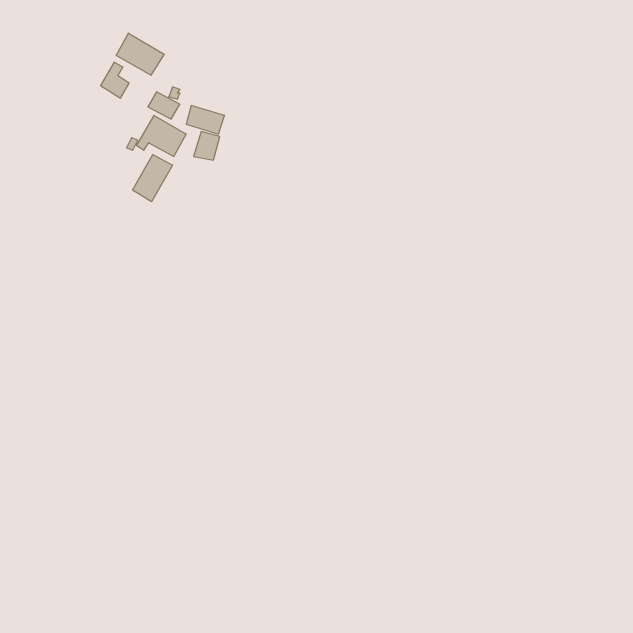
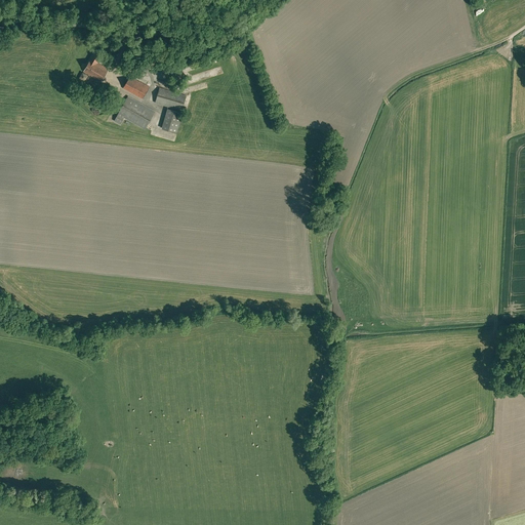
building: [116,33,164,75] -> none
building: [133,155,173,202] -> none

